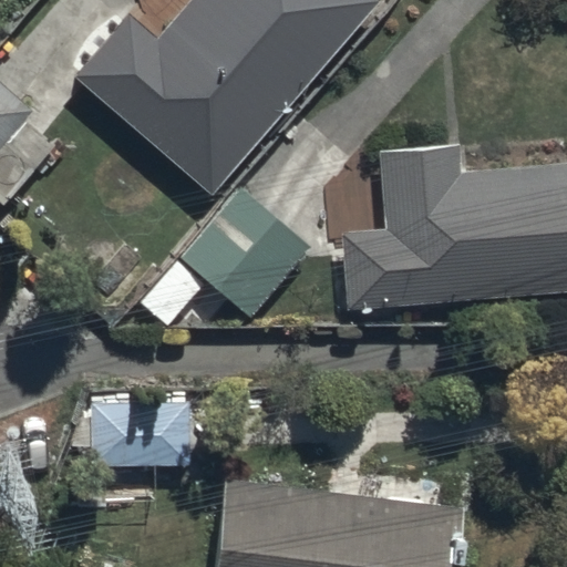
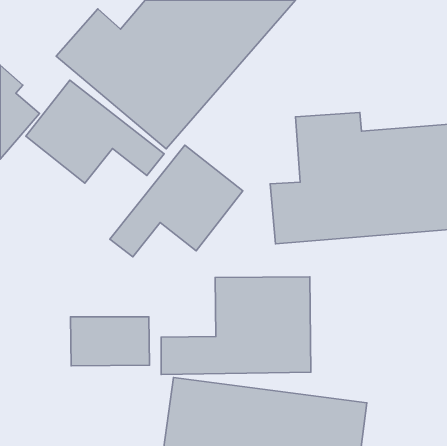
building: none -> [26,80,164,183]
building: none -> [161,277,311,375]

